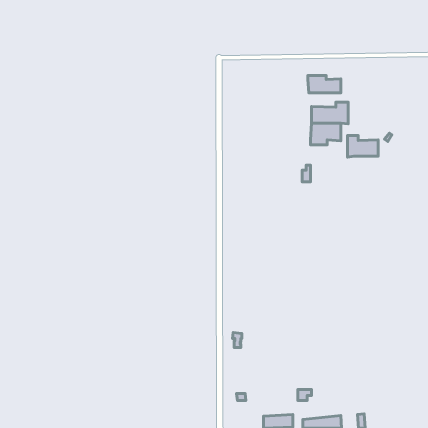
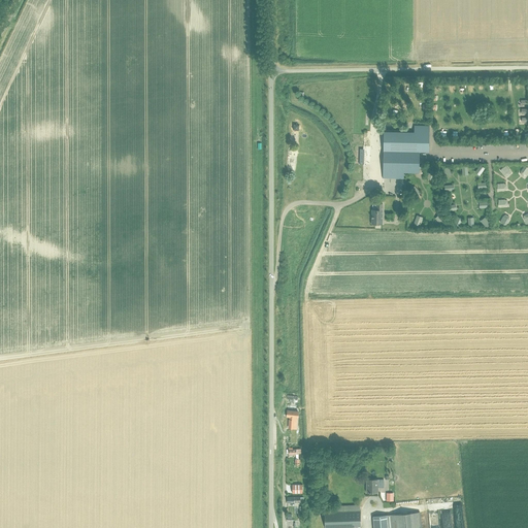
building: [308,75,341,93] -> none
building: [348,136,378,157] -> none

